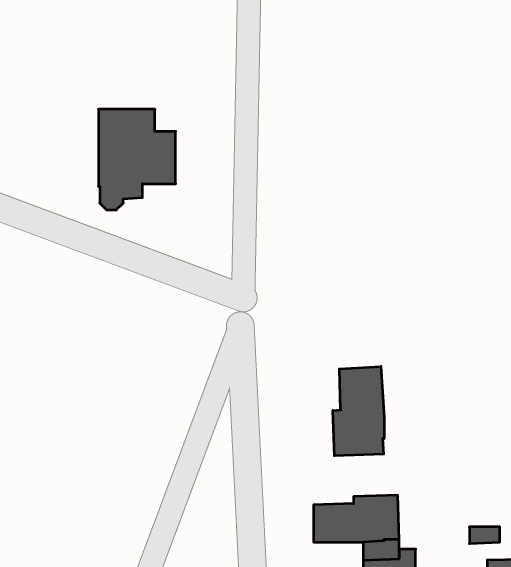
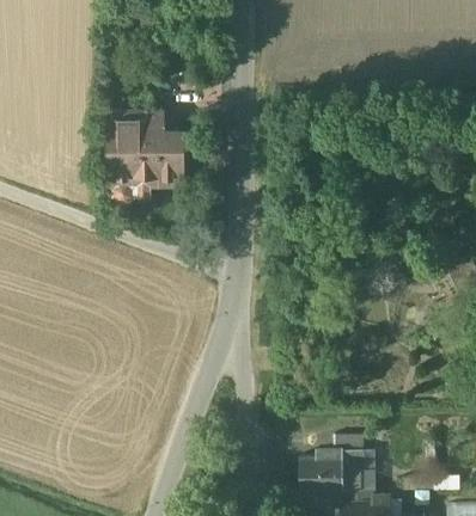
building: [333,366,384,456] -> none

